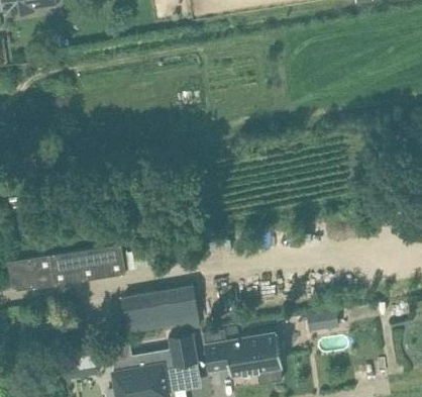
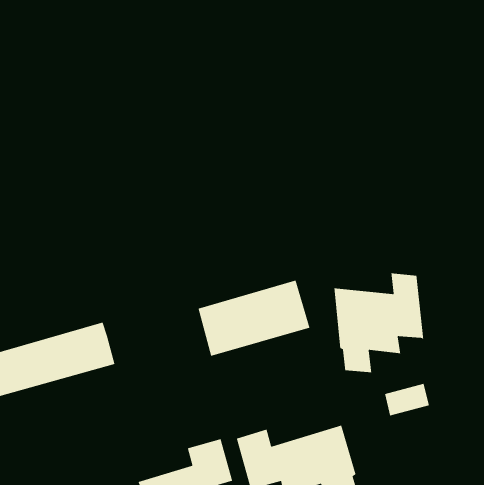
building: none -> [333,273,424,373]
building: [122,286,198,332] -> [198,280,310,357]

